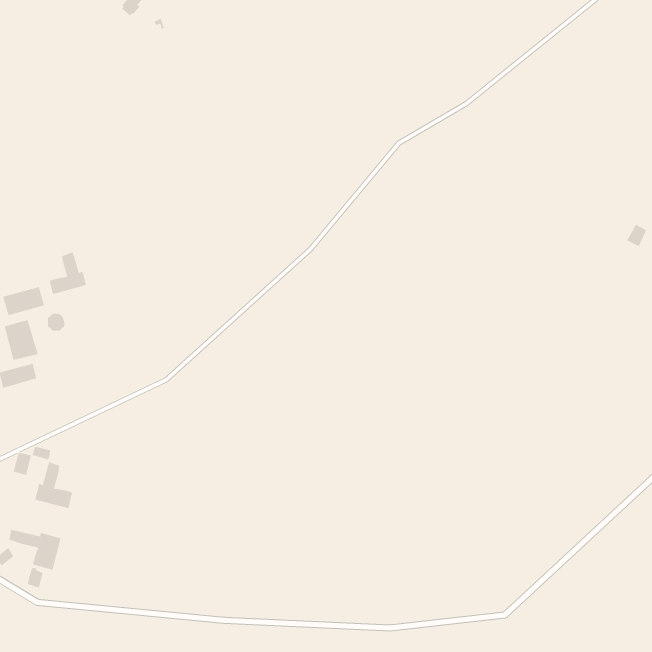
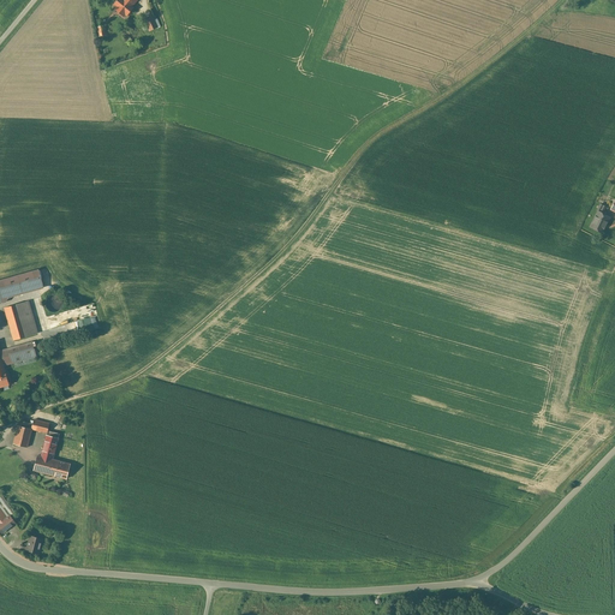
building: [49,252,86,295] -> none
building: [9,529,61,571] -> none

